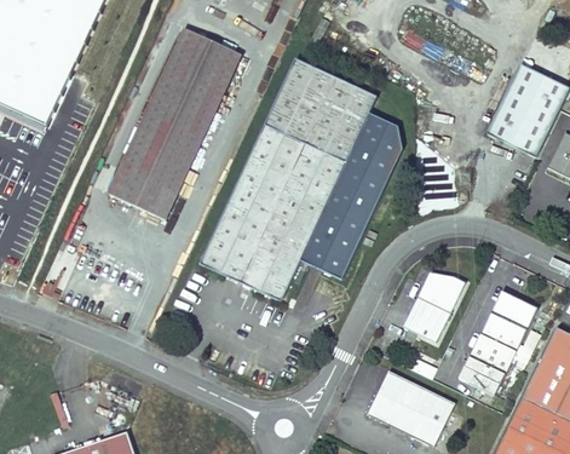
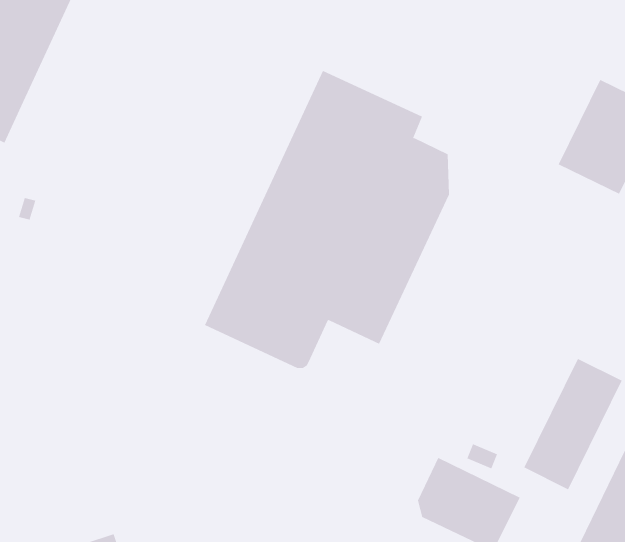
building: [108,29,241,220] -> none
building: [403,274,465,343] -> none

